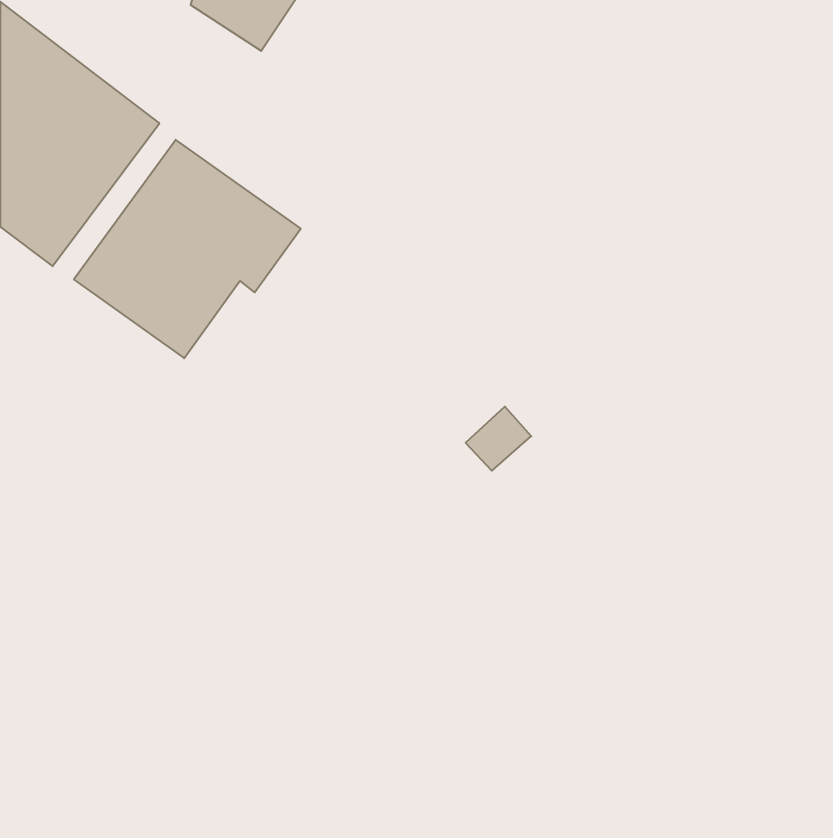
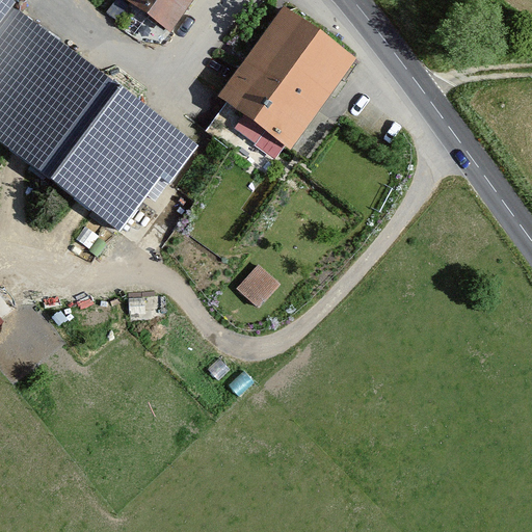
building: none -> [215,5,355,151]
building: [466,407,531,471] -> [240,259,282,299]

